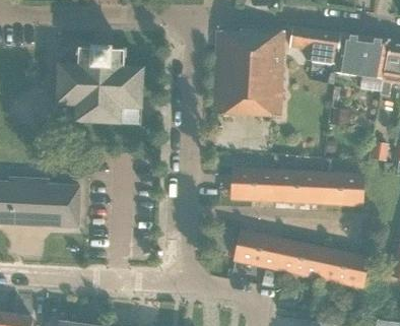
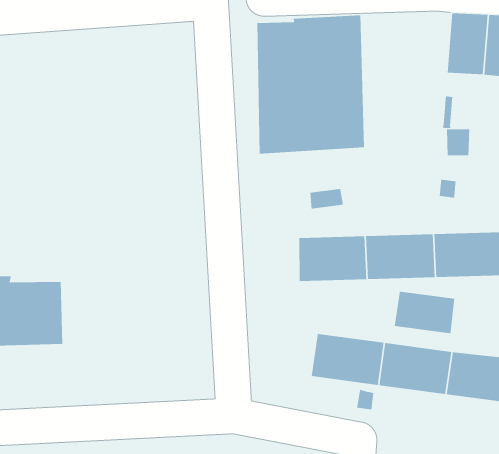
building: [290,26,341,63] -> none
building: [56,48,144,124] -> none
building: none -> [394,291,455,334]

